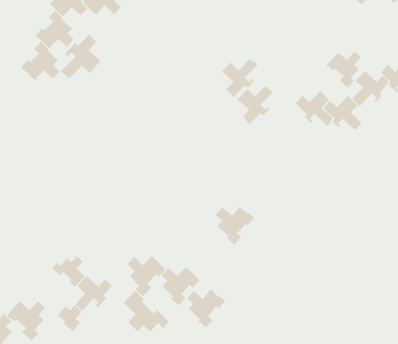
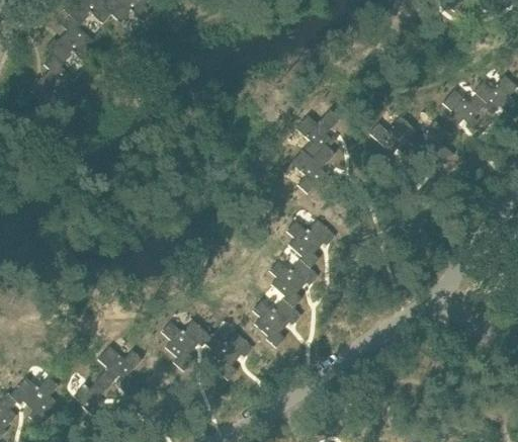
building: [60,34,101,79] -> none
building: [326,51,361,89] -> none
building: [221,58,258,97] -> [290,144,336,192]
building: none -> [286,217,336,267]
building: [52,255,86,288] -> none
building: [186,288,226,328] -> [253,297,303,347]
building: [123,290,169,332] -> none

